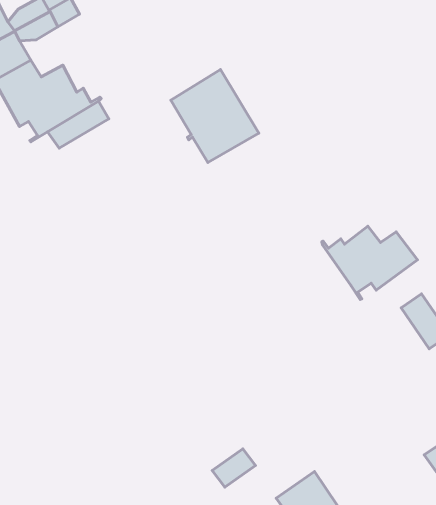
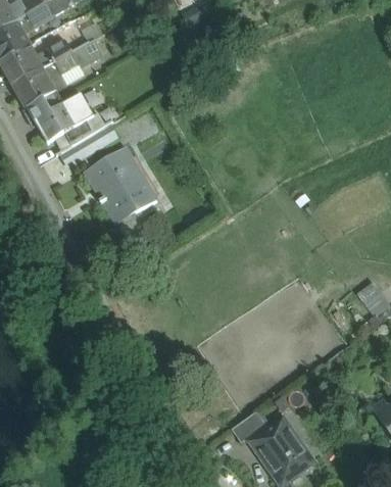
building: [171,69,259,163] -> [87,149,157,224]
building: [322,226,417,299] -> none
building: [212,449,256,487] -> [232,410,266,441]

